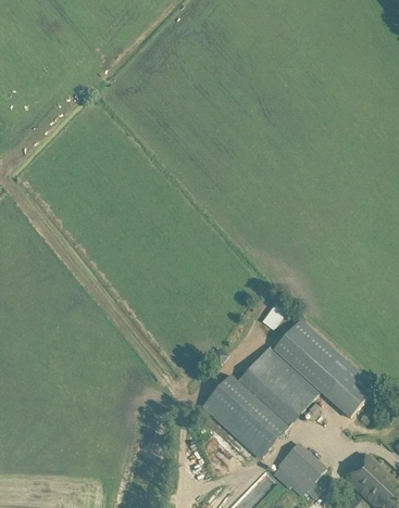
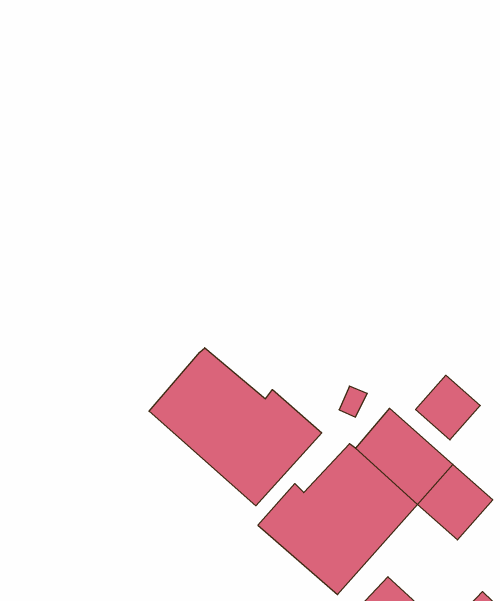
building: none -> [149,348,322,506]
building: none -> [416,375,480,440]

